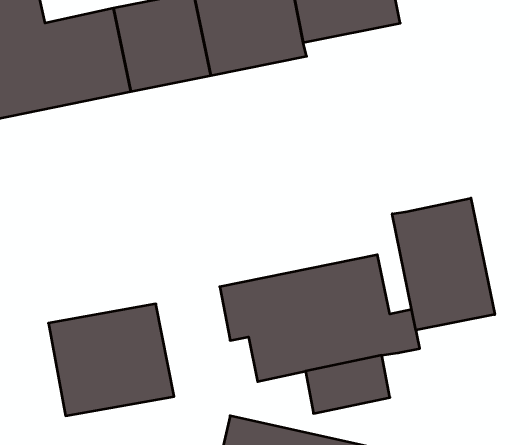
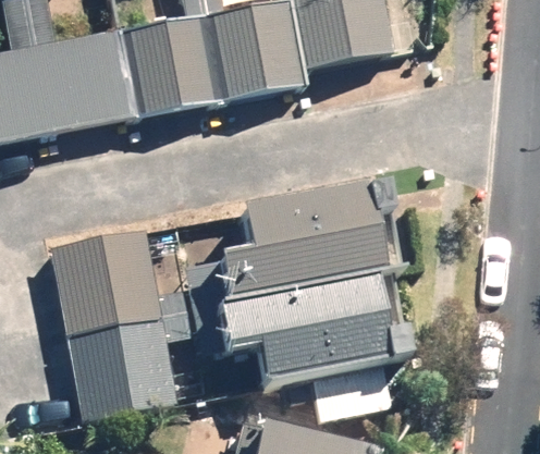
building: none -> [216,177,390,298]
building: [392,198,495,330] -> none
building: none -> [47,225,165,333]

